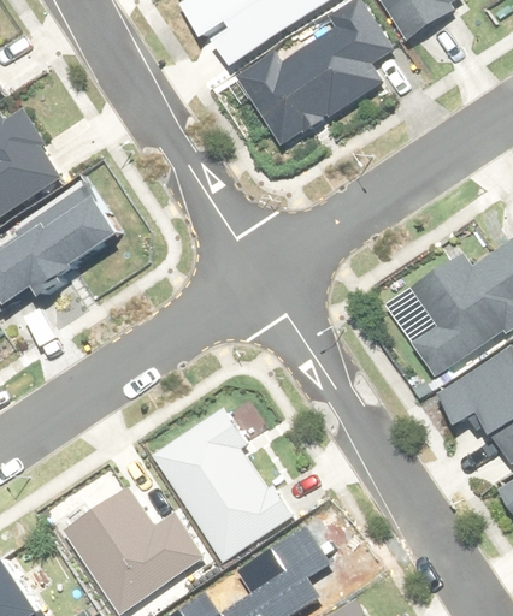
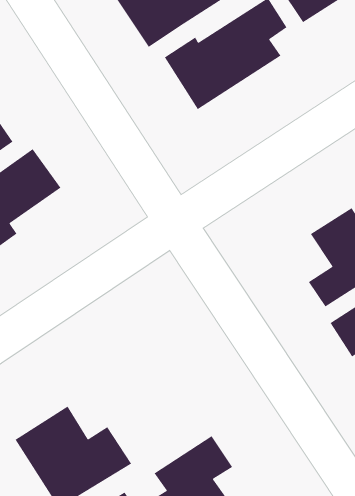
building: [153,408,294,561] -> none

